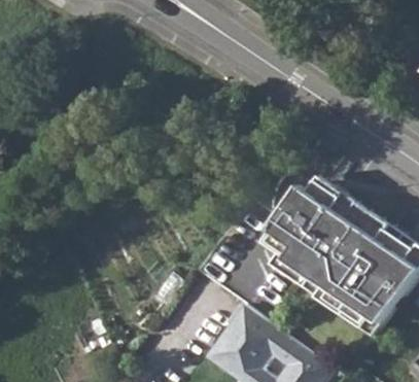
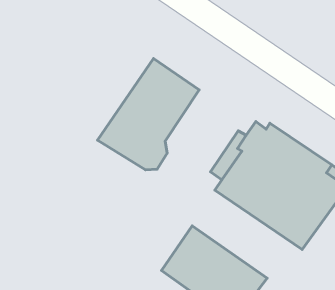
building: none -> [98,58,199,170]

